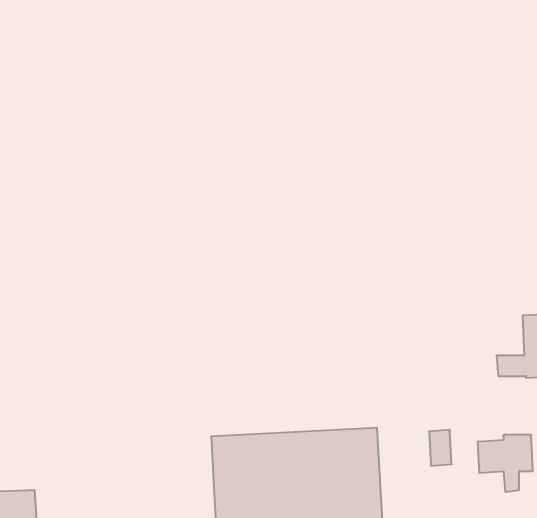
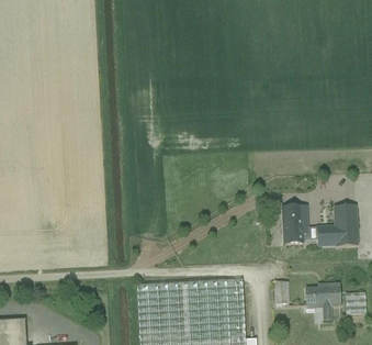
building: none -> [283,205,307,244]

